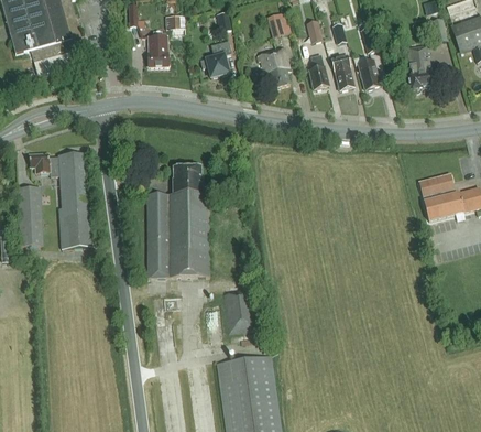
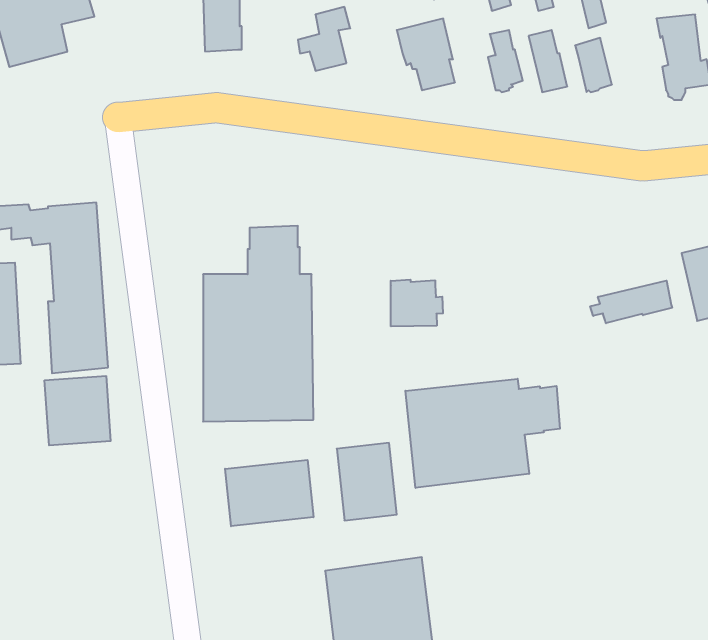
building: none -> [391,280,443,326]
building: none -> [590,281,672,323]
building: none -> [45,376,111,445]
building: none -> [405,379,560,488]
building: none -> [225,460,313,526]

